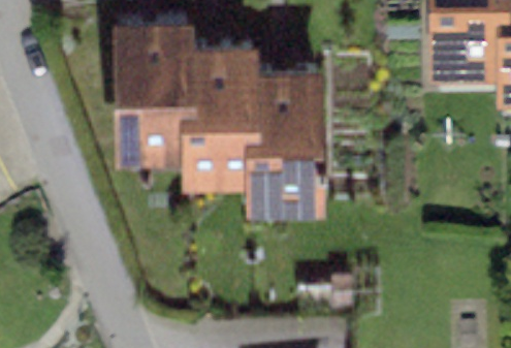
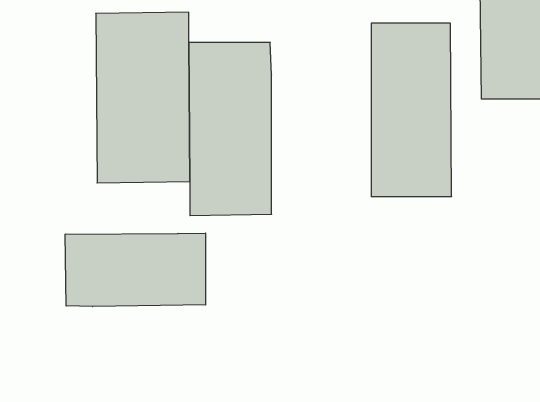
building: [261,72,327,215] -> [371,23,452,197]
building: none -> [65,233,206,307]

